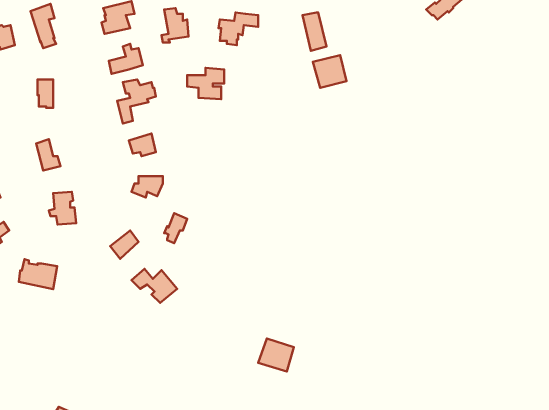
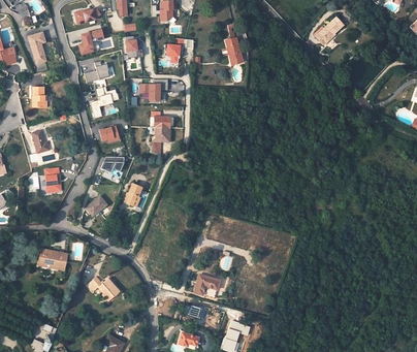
building: [313,55,346,88] -> none
building: none -> [153,117,170,155]
building: [19,259,57,289] -> [39,249,67,270]
building: [132,269,177,303] -> [87,277,120,301]

